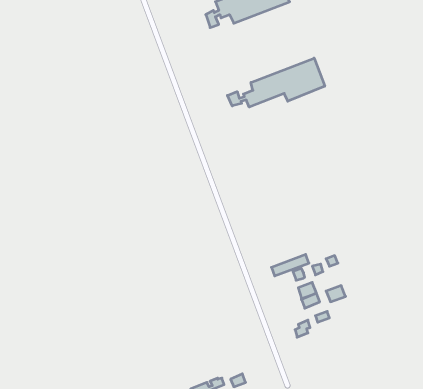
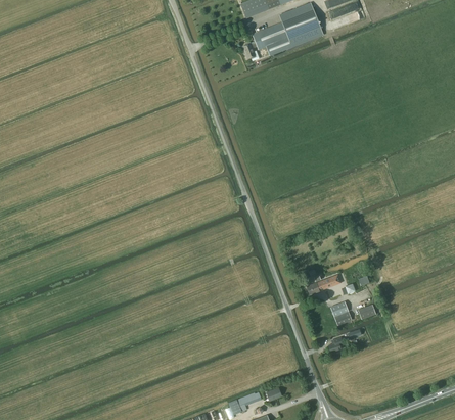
building: [227,58,325,107] -> none

